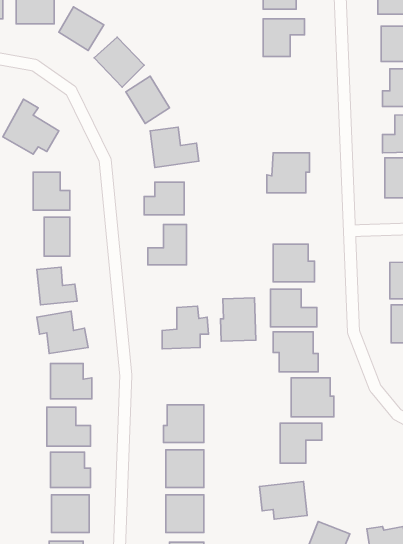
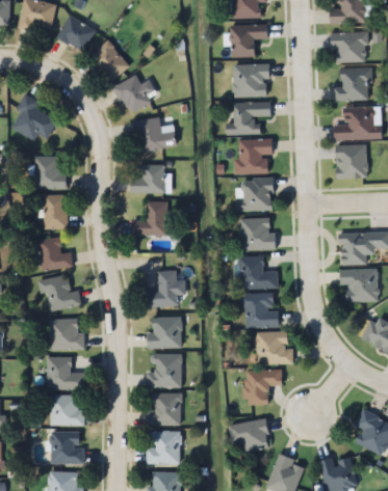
building: none -> [234,64,269,96]
building: none -> [226,101,271,134]
building: none -> [239,178,274,211]
building: [220,298,256,341] -> none
building: none -> [147,317,181,348]

